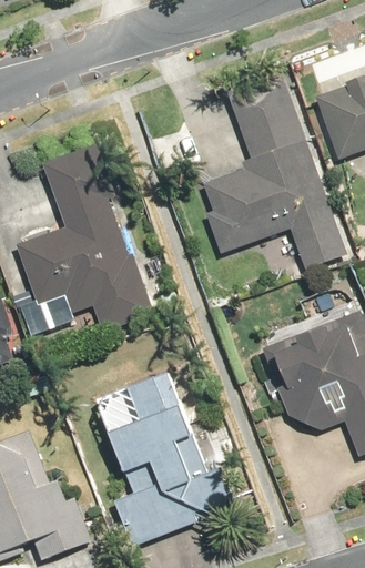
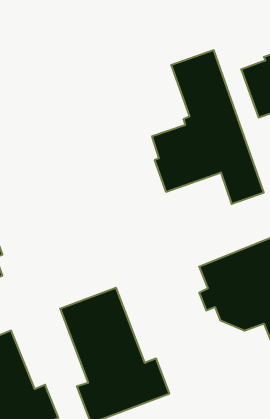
building: [18,144,154,332] -> none

